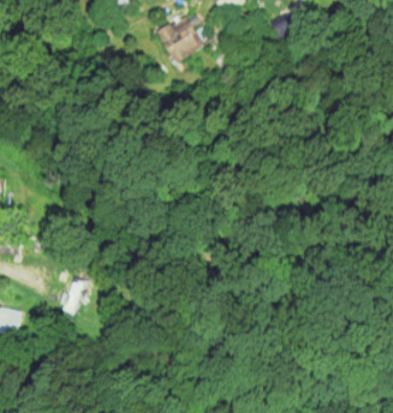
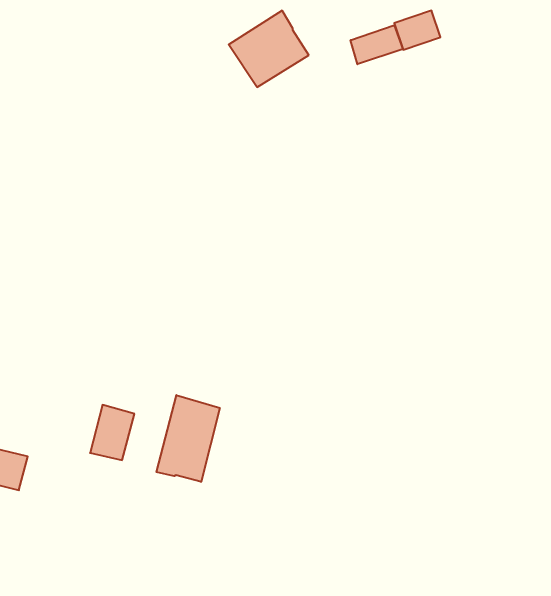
building: none -> [351,25,403,64]
building: none -> [156,395,220,482]

